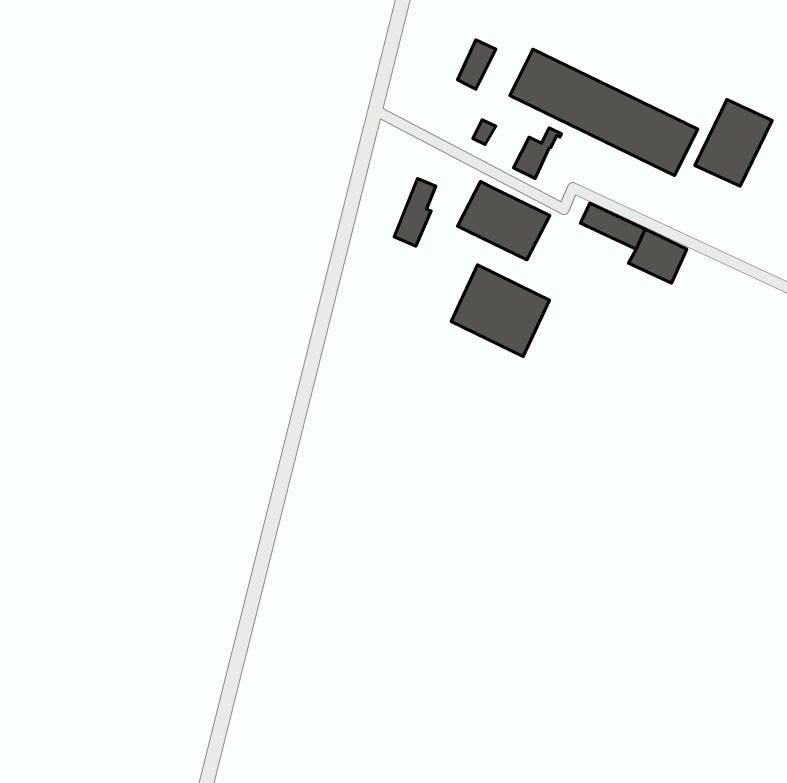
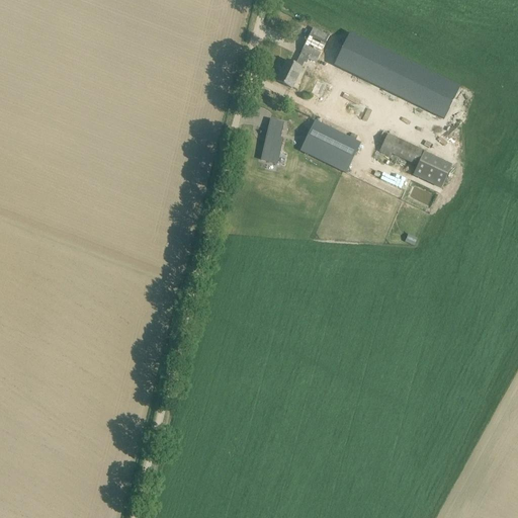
building: [695,100,772,186] -> none
building: [514,128,561,179] -> [277,53,309,86]
building: [451,265,549,356] -> none

